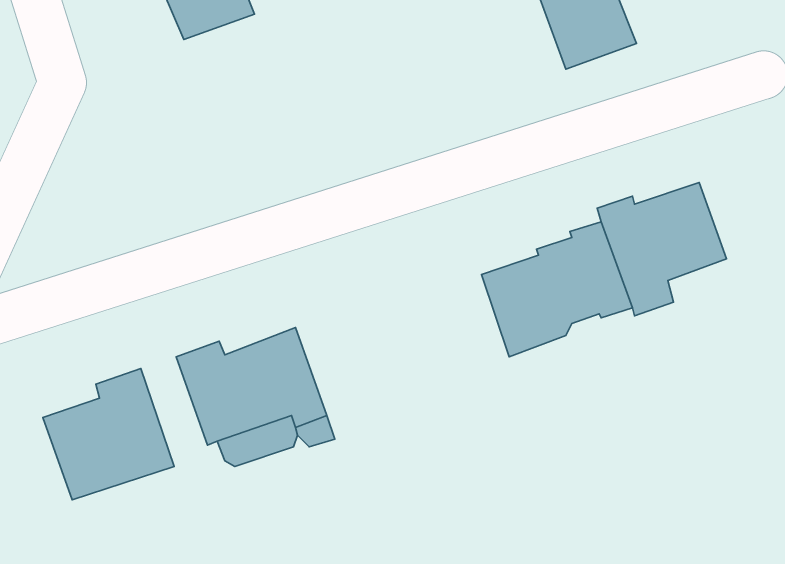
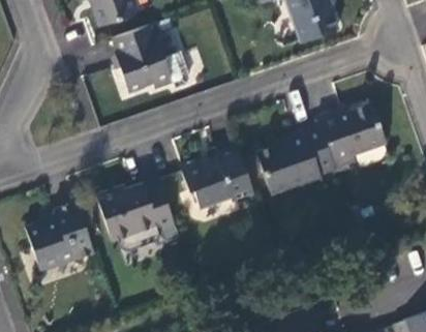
building: none -> [111,25,190,90]
building: none -> [180,145,254,208]

